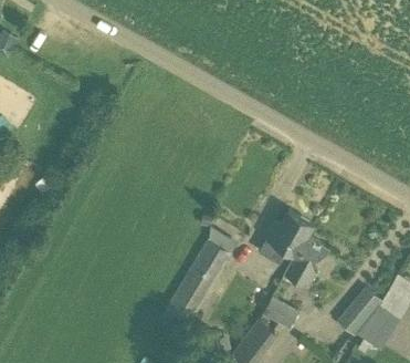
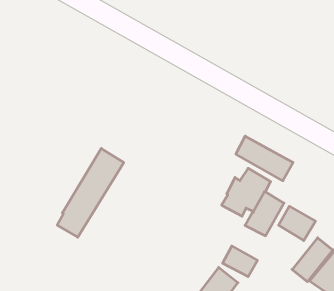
building: none -> [236,136,293,181]
building: [160,238,232,334] -> [57,148,124,237]
building: none -> [279,206,315,241]

